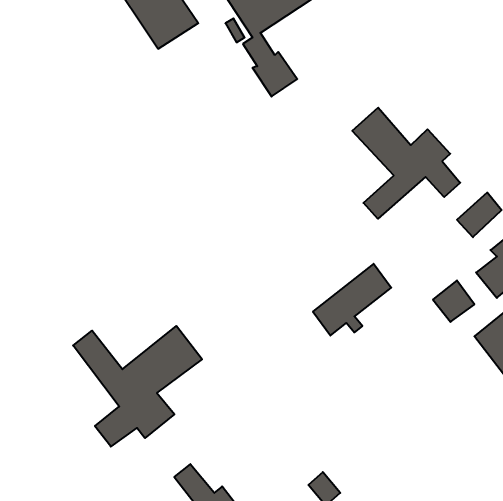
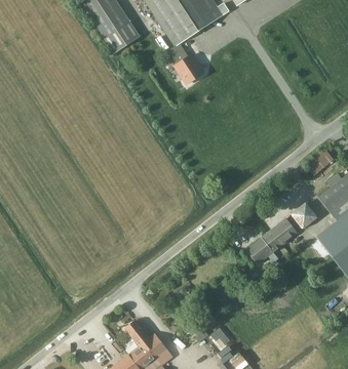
building: [352,108,460,219] -> none
building: [313,264,391,336] -> [246,218,297,264]
building: [73,326,202,447] -> none

